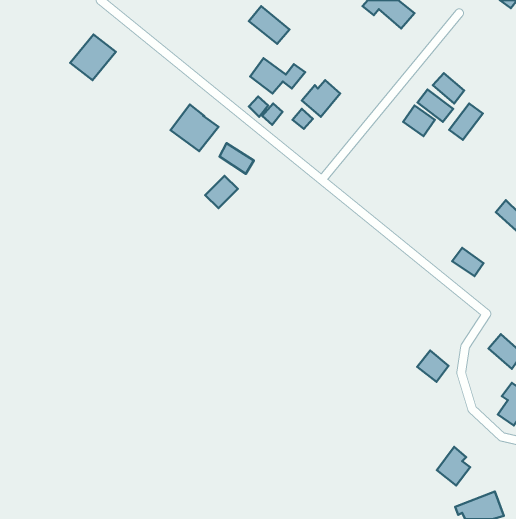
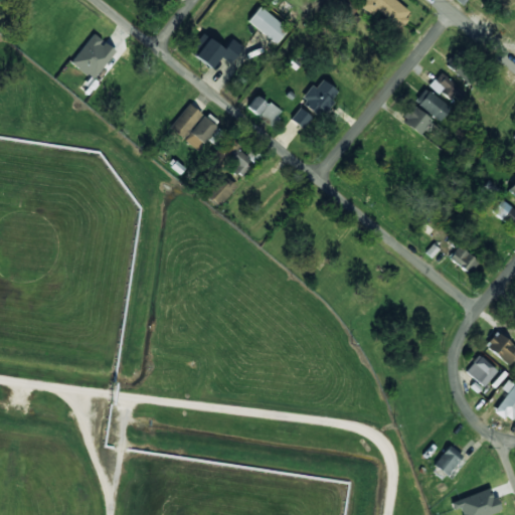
building: [250,58,305,94] -> [191,33,245,68]
building: [449,103,483,140] -> none
building: [417,350,449,382] -> [468,355,499,386]

